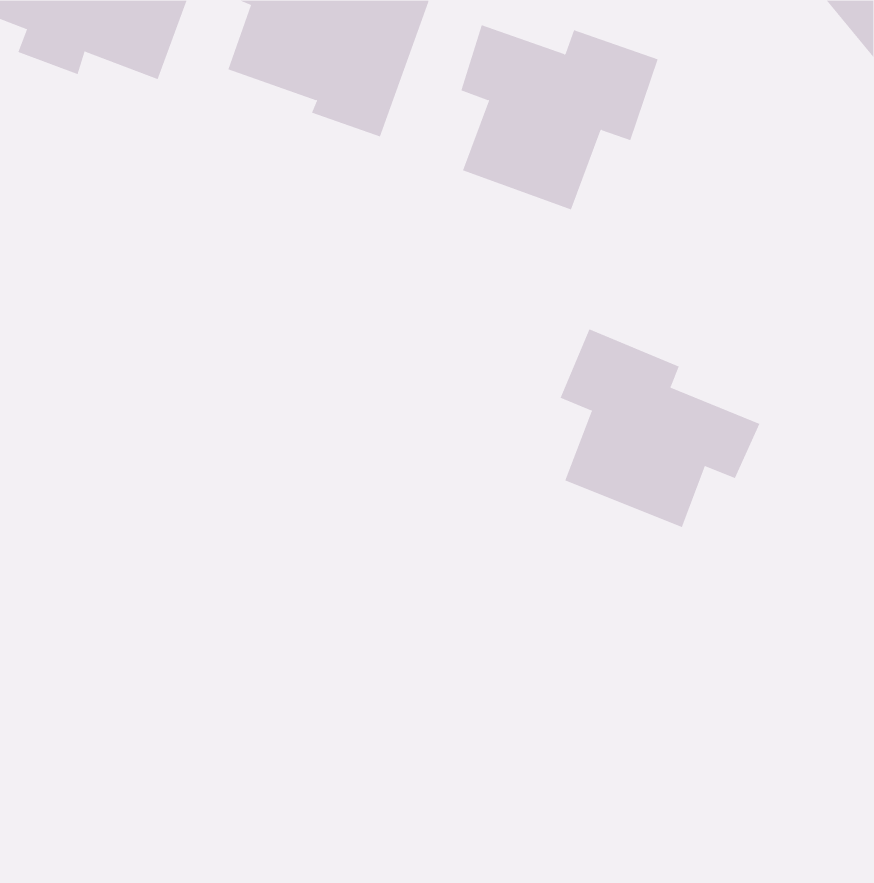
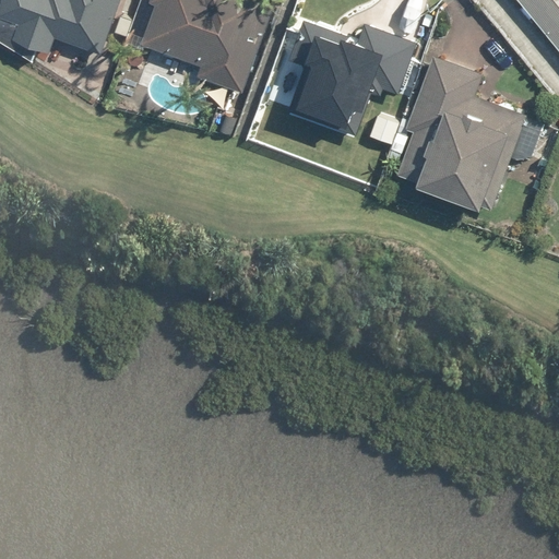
building: none -> [396,56,519,207]
building: [560,329,760,528] -> none

